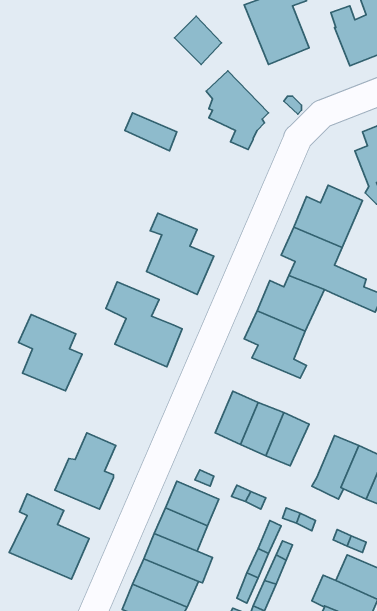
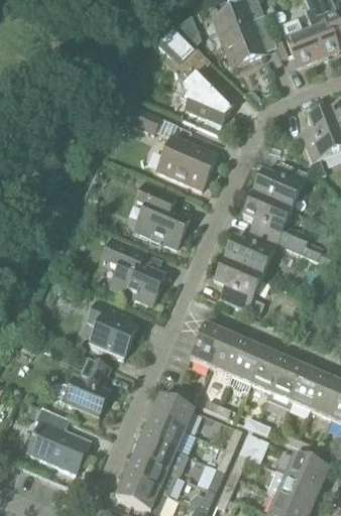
building: none -> [156,134,216,187]
building: [19,315,82,391] -> [86,296,136,357]
building: none -> [249,349,285,391]

